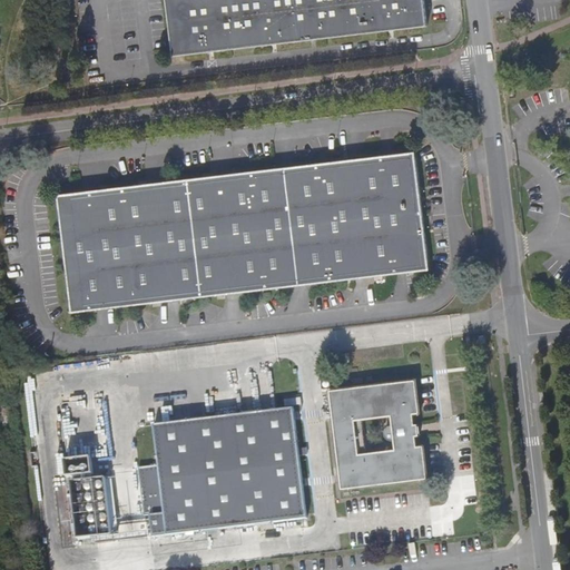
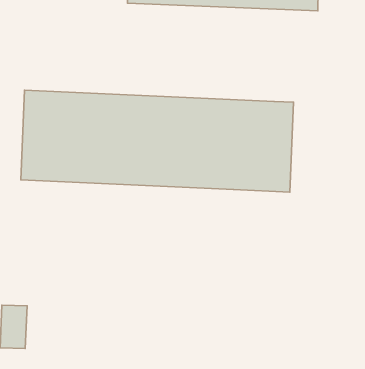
building: [327,377,425,488] -> none
building: [138,401,305,535] -> none

